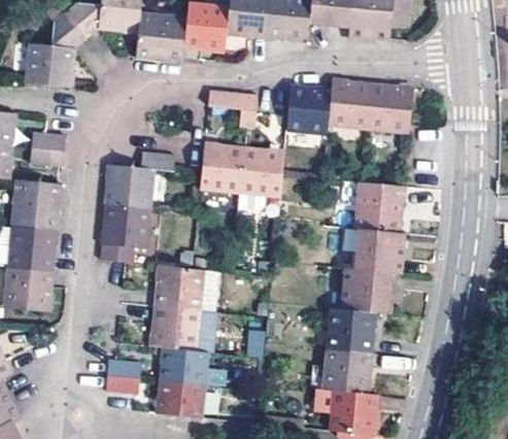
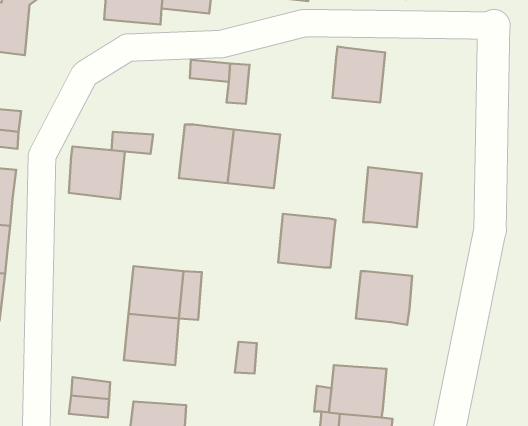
building: [285,85,331,134] -> none
building: [368,85,414,131] -> none
building: [100,203,148,263] -> none
building: [355,228,404,273] -> [278,214,335,267]
building: [329,308,377,351] -> none
building: [160,345,207,382] -> none

